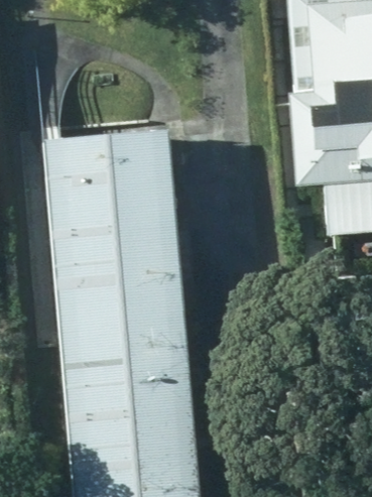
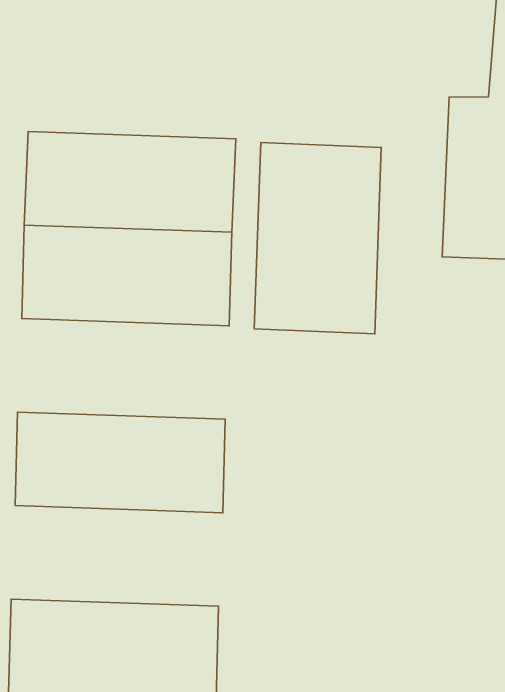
building: none -> [254,142,381,334]
building: [51,246,178,312] -> none
building: [60,357,188,422] -> none

